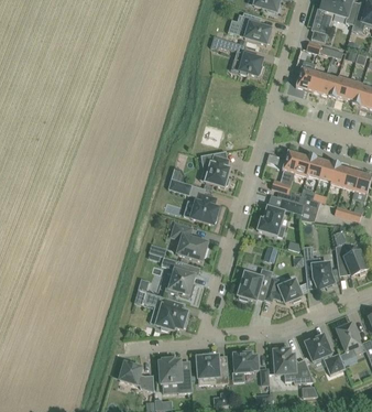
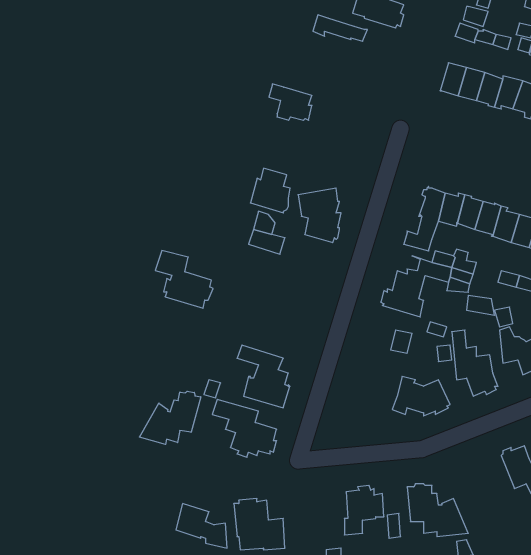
building: [234,51,263,75] -> [269,84,312,120]
building: [192,194,218,224] -> [250,168,290,213]
building: [171,223,209,261] -> [155,251,213,308]
building: [237,268,273,300] -> none
building: none -> [139,391,201,444]
building: [305,334,346,375] -> none
building: [197,353,229,383] -> none

